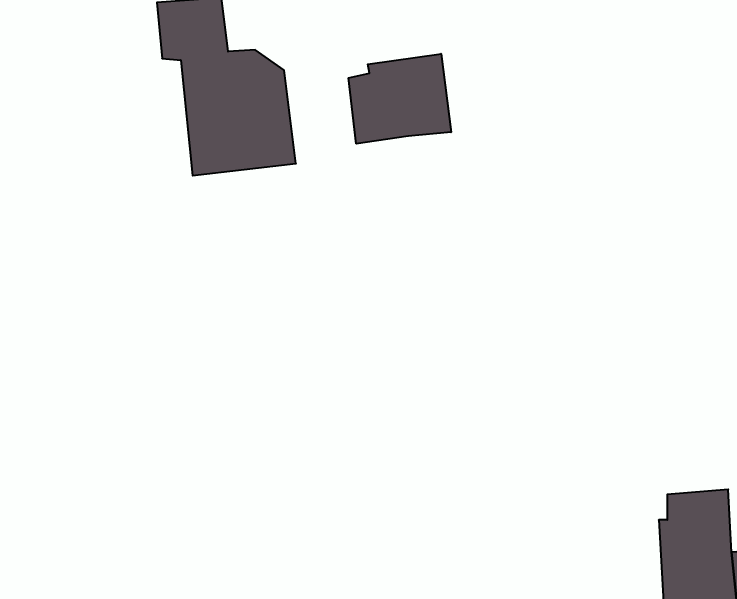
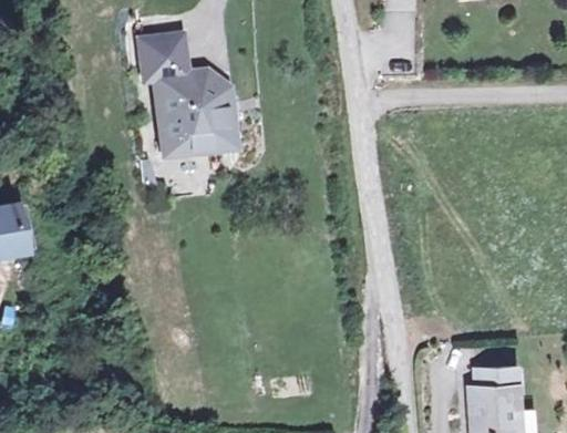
building: [349,54,451,144] -> none

